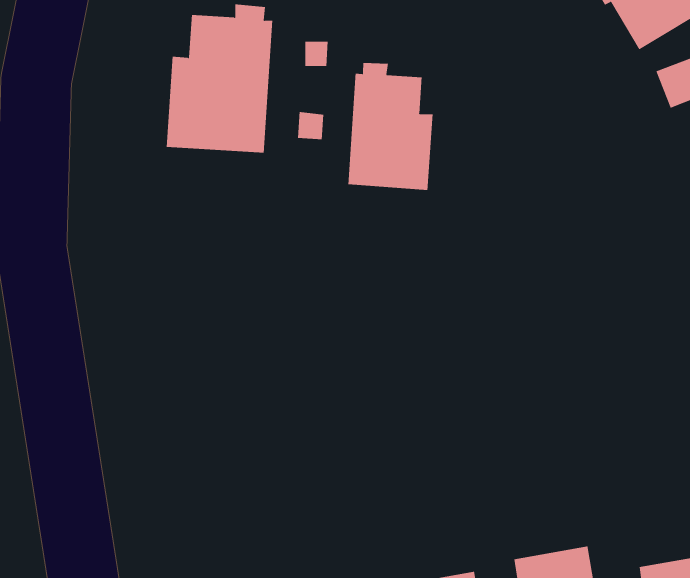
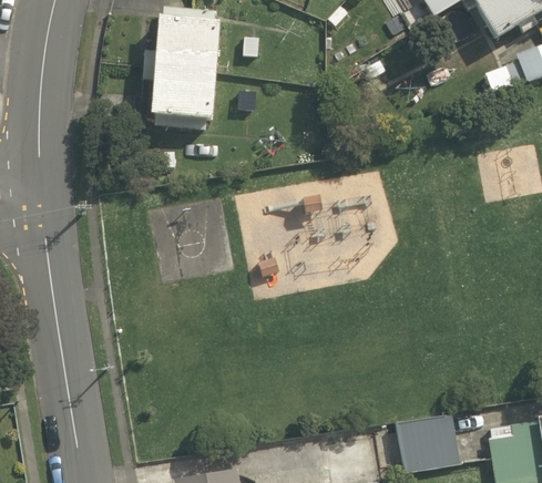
building: [348,62,433,191] -> none

